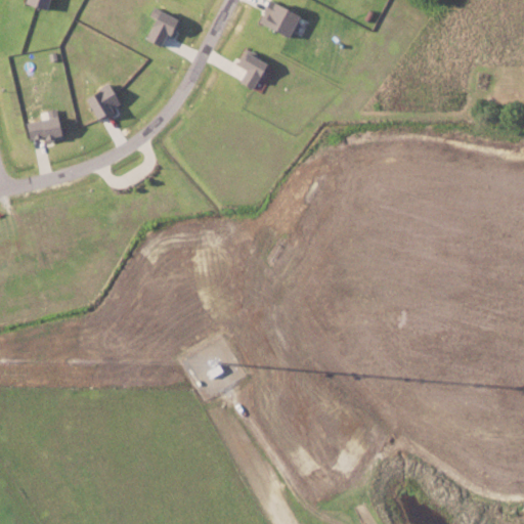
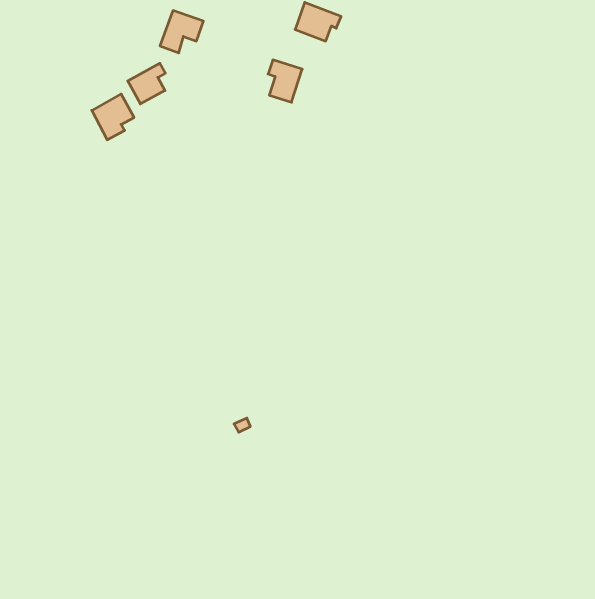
building: none -> [128,63,165,104]
building: [25,108,66,142] -> none

